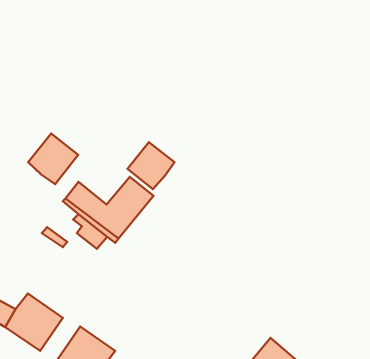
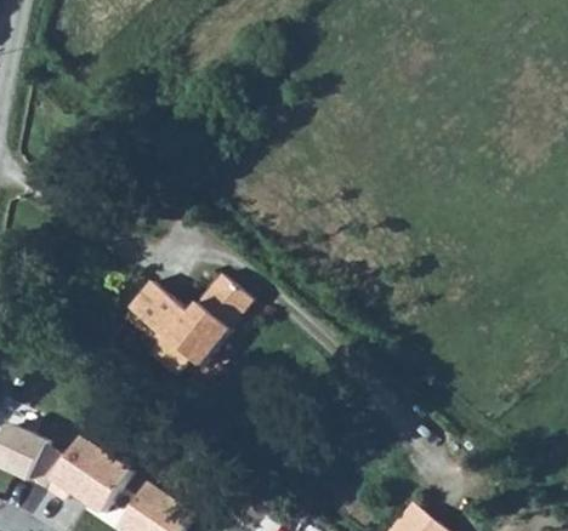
building: [28,133,78,184] -> none
building: [128,142,175,189] -> none

